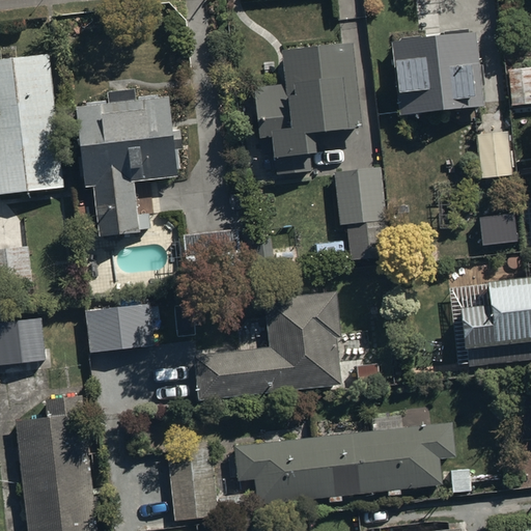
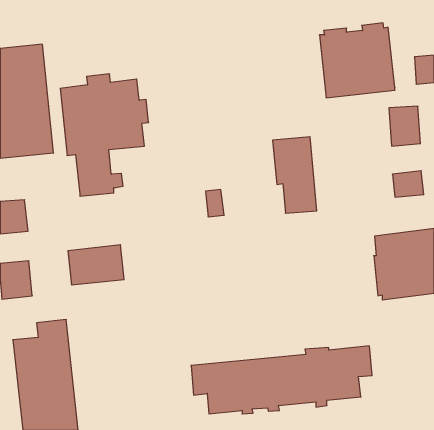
building: [253,46,359,174] -> none
building: [192,291,369,400] -> none
building: [167,442,245,515] -> none

